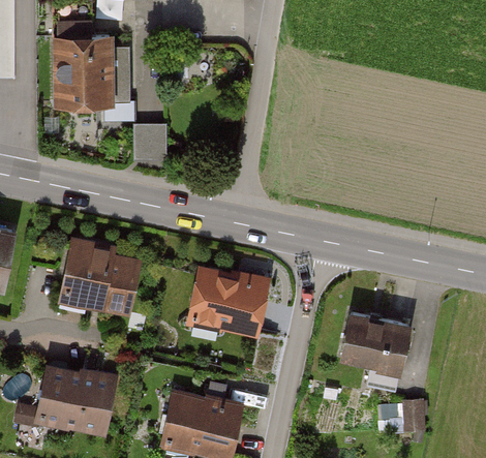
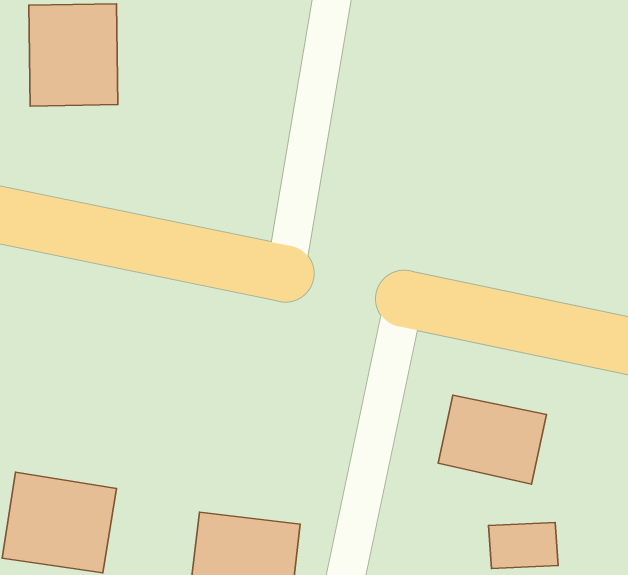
building: [131,122,165,158] -> none
building: [61,243,141,317] -> none
building: [186,265,268,339] -> none

